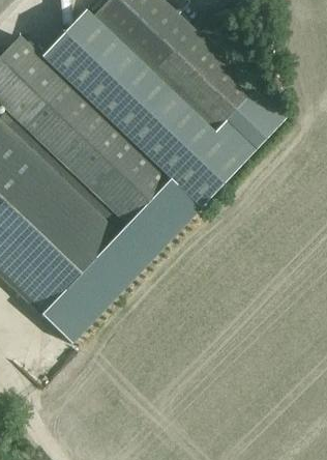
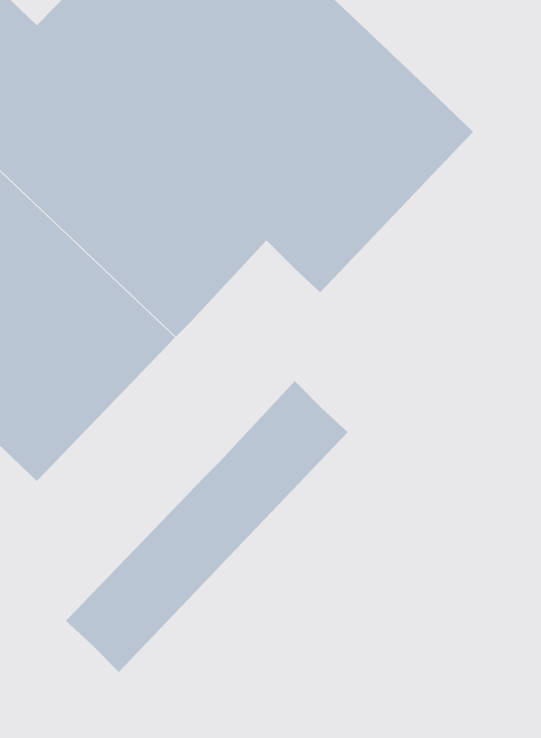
building: [41,177,200,341] -> [65,380,348,673]

